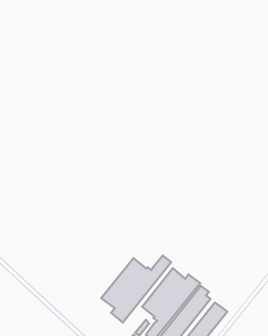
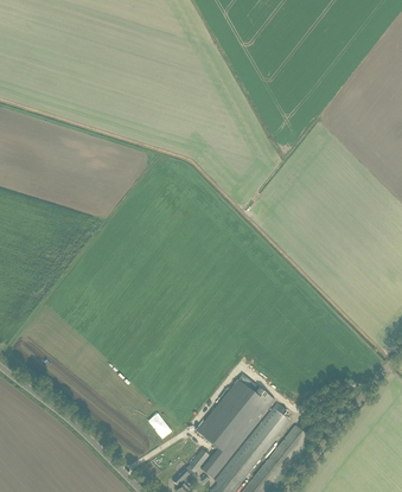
building: [101,256,171,323] -> none

